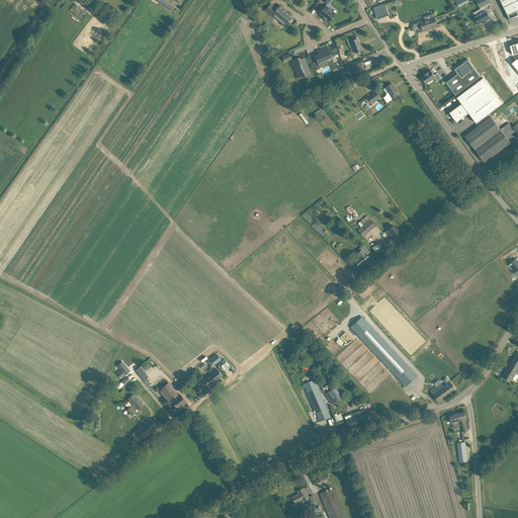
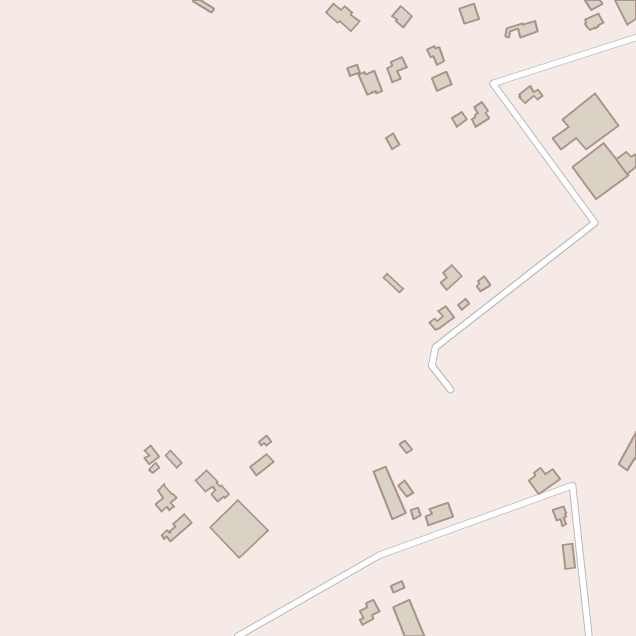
building: [446,60,481,95] -> none
building: [352,319,418,387] -> none
building: none -> [210,500,268,558]

